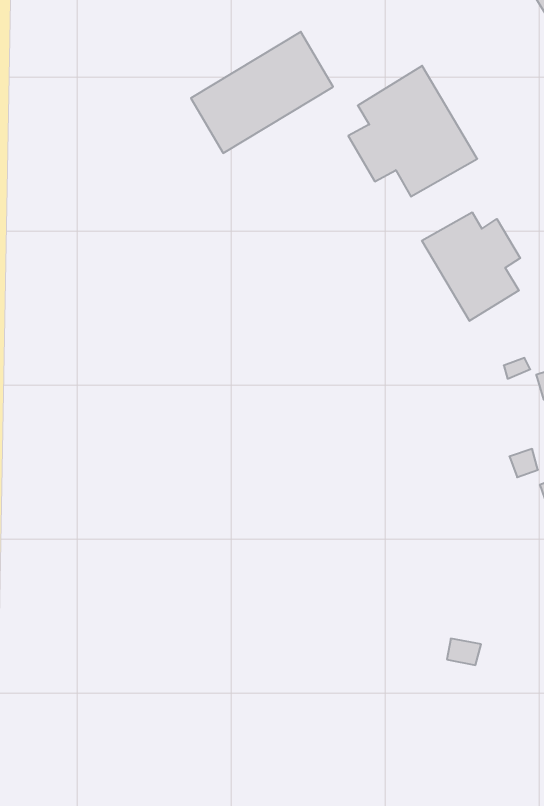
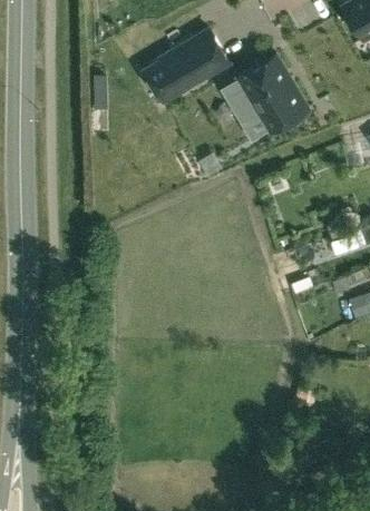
building: [422,212,520,321] -> none

